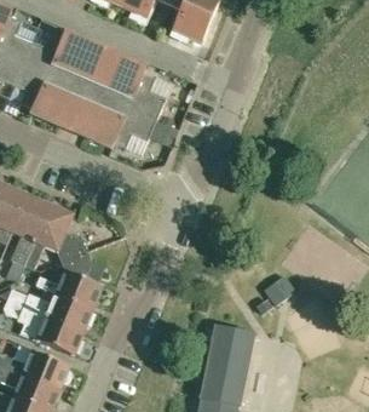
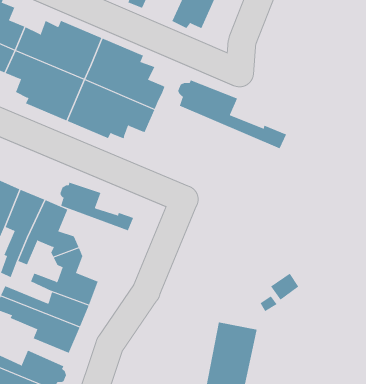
building: none -> [178,79,287,149]
building: none -> [60,182,134,231]

